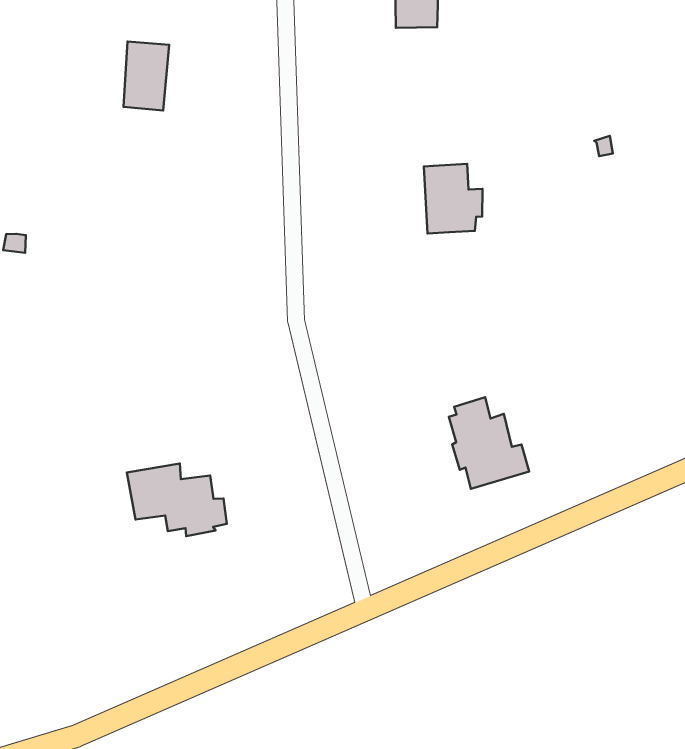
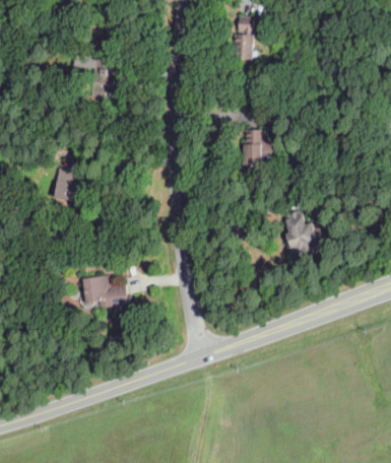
building: none -> [54,168,80,207]
building: [449,397,529,489] -> [282,212,322,259]

